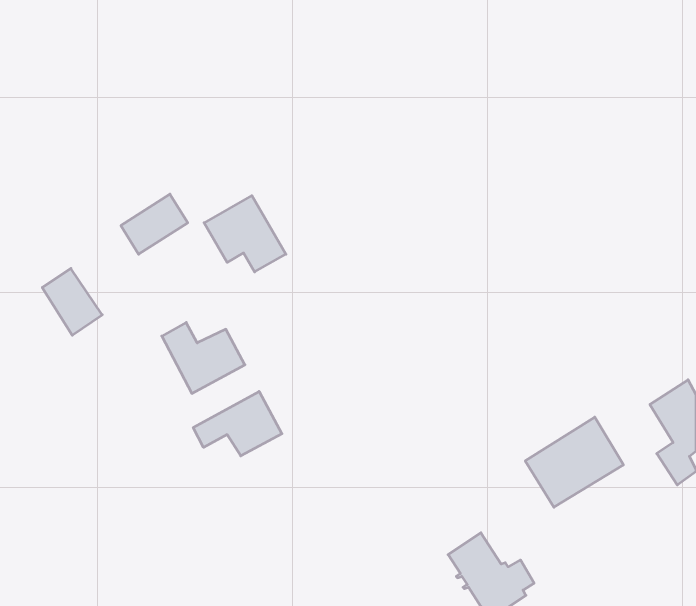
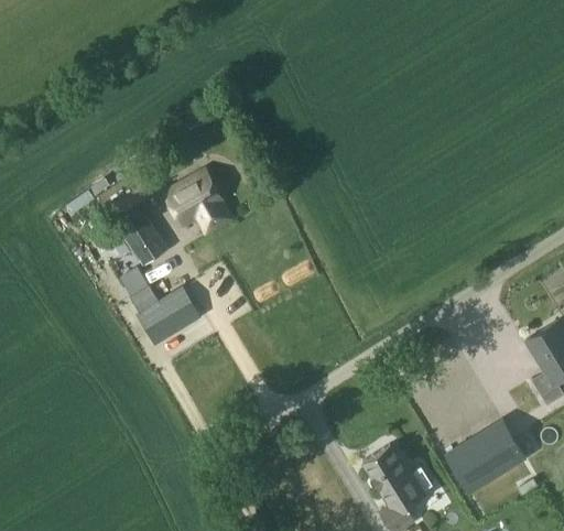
building: [42,268,102,335] -> [118,214,166,268]
building: [193,391,282,456] -> none
building: [525,417,623,507] -> [445,422,524,495]

